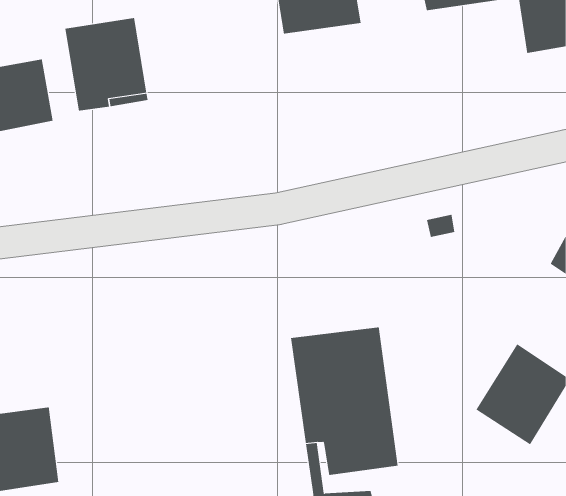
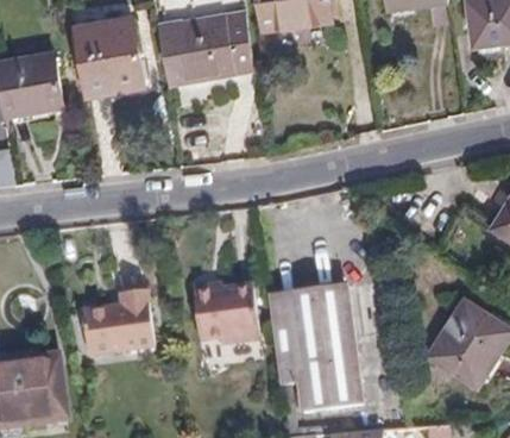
building: none -> [157,11,254,83]
building: none -> [193,282,259,343]
building: none -> [82,289,153,353]

